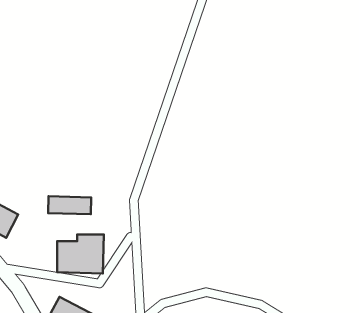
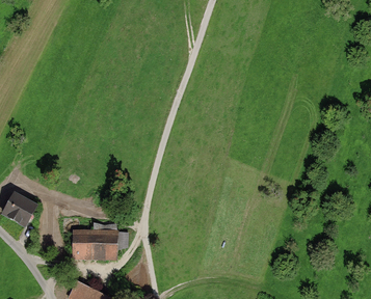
building: [48,196,91,214] -> none

